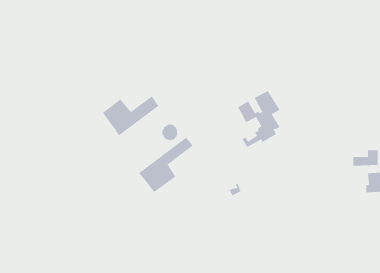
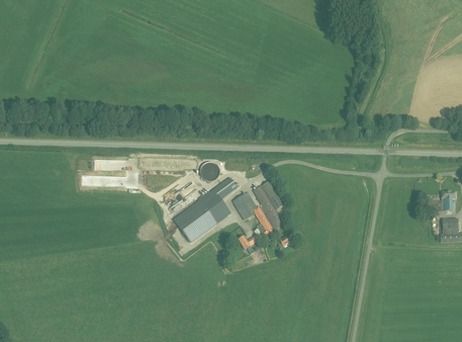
building: [237,90,280,148] -> [234,180,284,248]
building: [102,96,159,136] -> none

